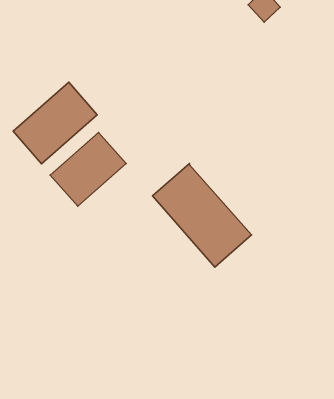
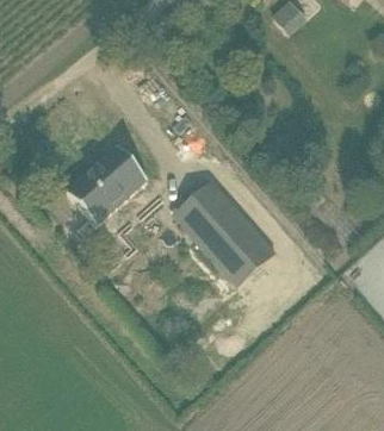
building: [13,82,97,164] -> none

